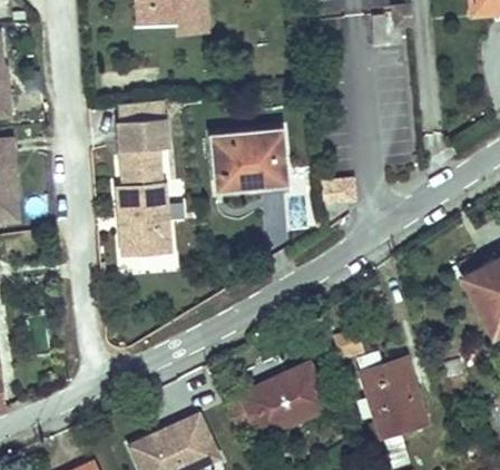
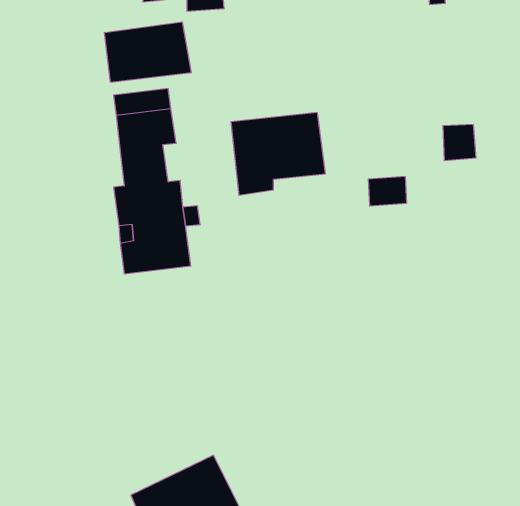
building: none -> [105,22,191,82]
building: [361,356,431,438] -> none
building: [239,362,329,433] -> none

